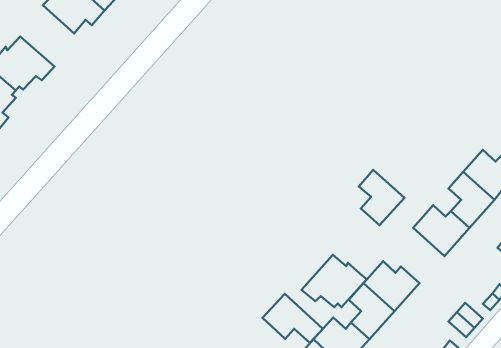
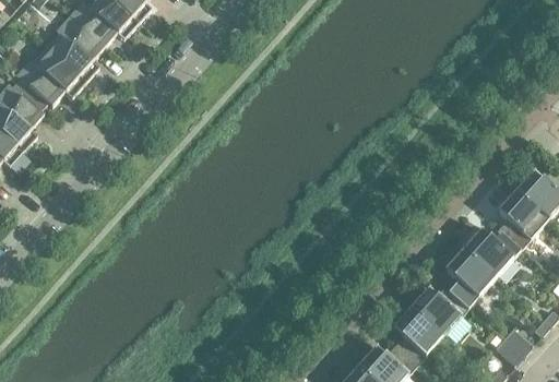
building: none -> [47,19,104,83]
building: [359,170,404,225] -> [444,252,492,310]
building: [302,255,367,307] -> none
building: [263,294,323,343] -> none

